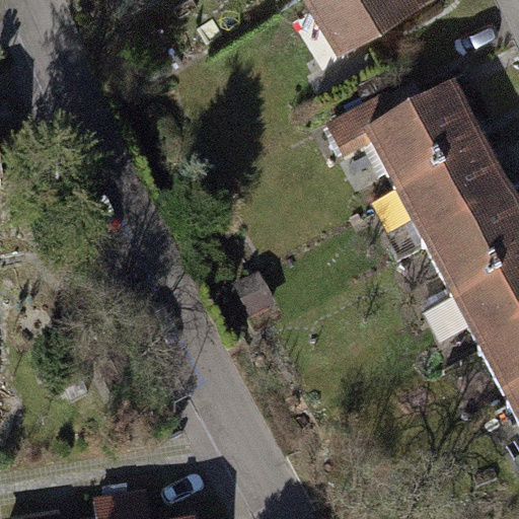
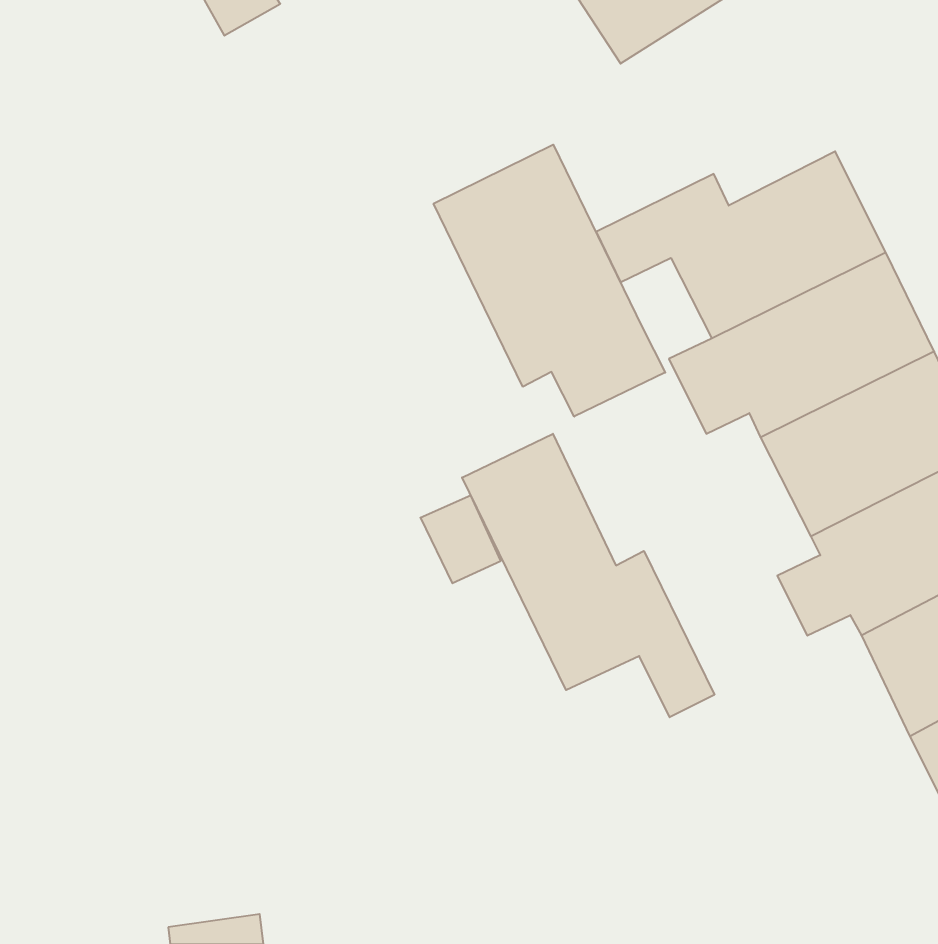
building: none -> [434,145,665,417]
building: none -> [462,434,714,717]

